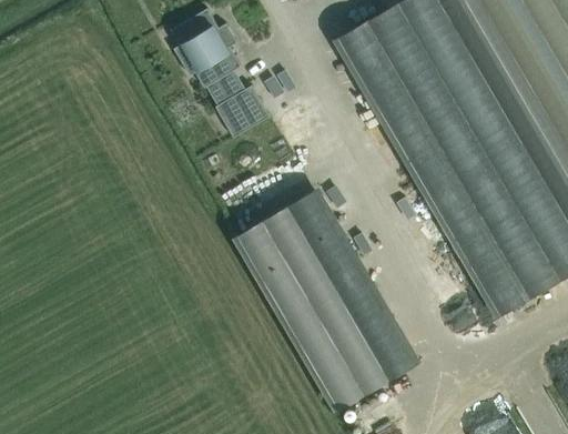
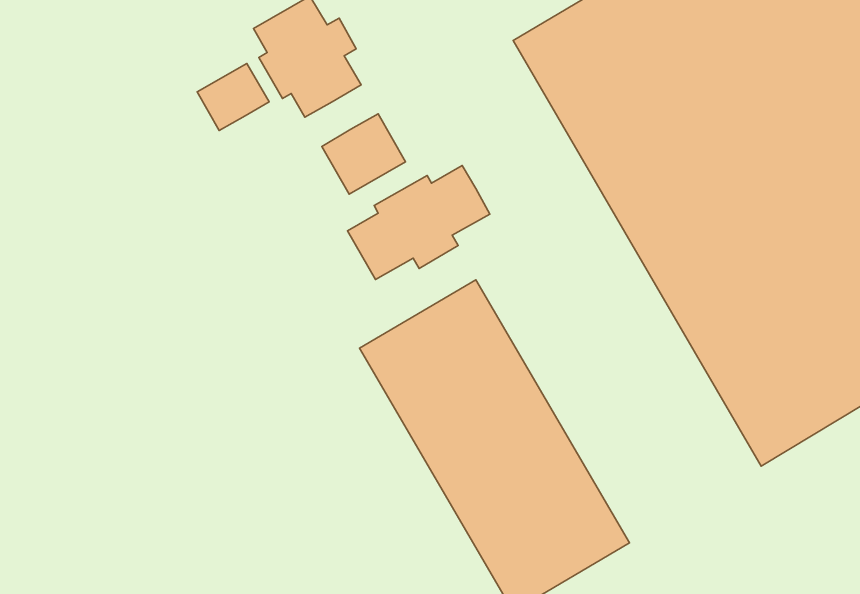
building: none -> [197,63,269,130]
building: none -> [348,165,490,279]

